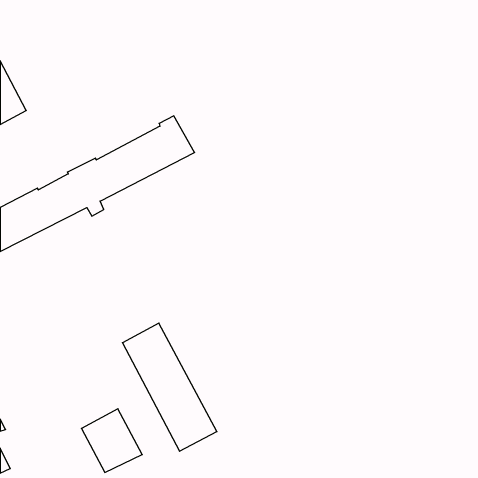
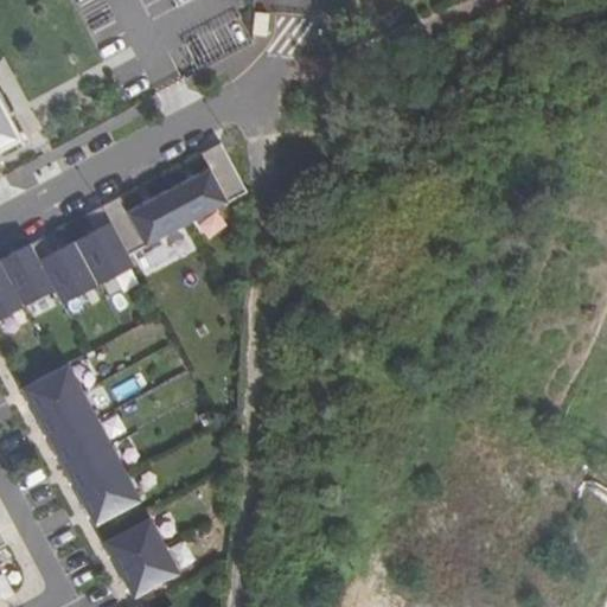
building: [122,323,217,451] -> [21,364,141,526]

